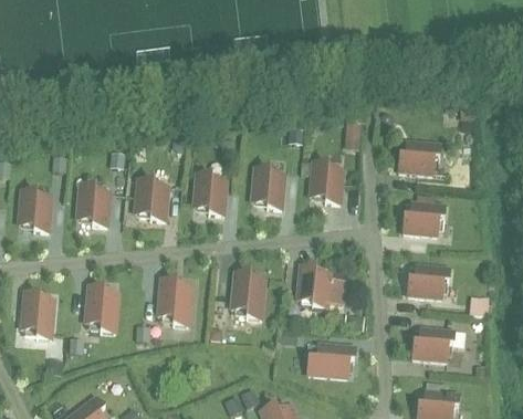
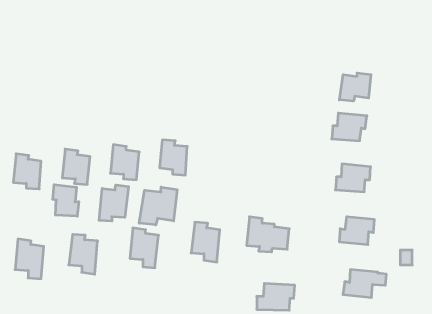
building: none -> [339,73,371,101]
building: [310,160,343,202] -> none
building: [251,166,284,208] -> none
building: none -> [53,185,79,216]
building: none -> [99,185,129,221]
building: none -> [139,187,177,225]

